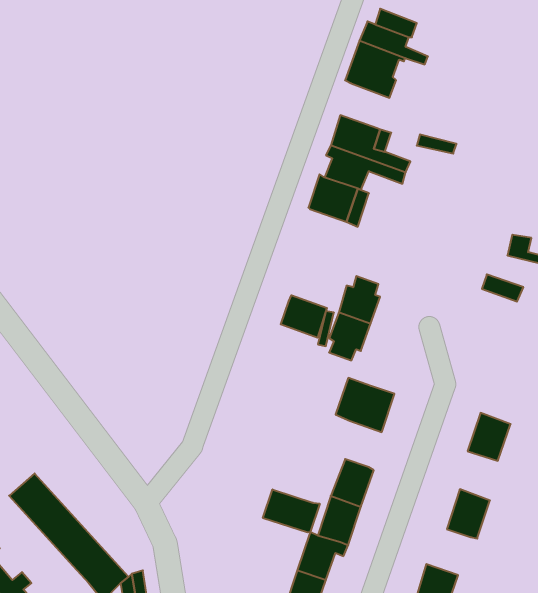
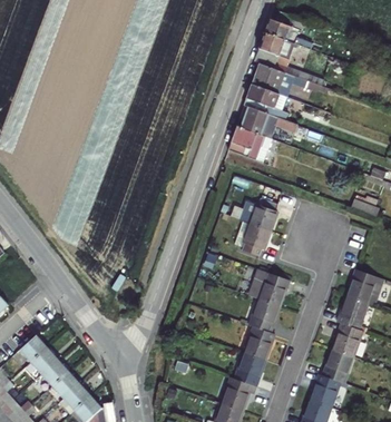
building: none -> [250,63,306,95]
building: [281,295,327,338] -> none
building: none -> [348,269,378,302]
building: none -> [247,300,278,332]
building: none -> [333,322,363,355]
building: [263,489,320,532] -> none
building: none -> [310,373,341,408]

